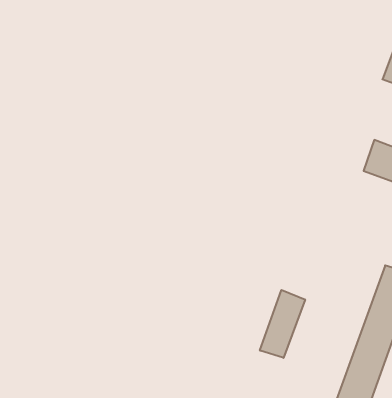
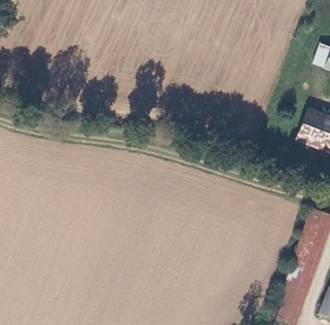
building: [260,290,305,358] -> none

